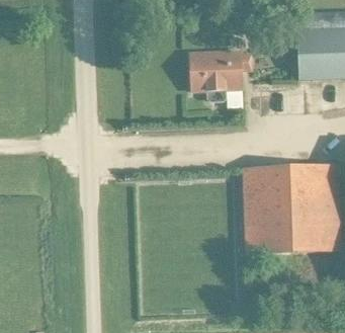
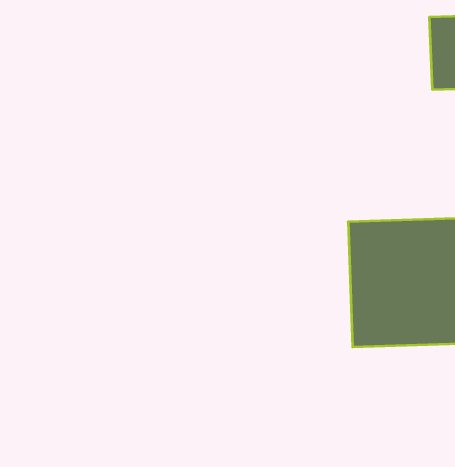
building: [190,50,242,99] -> none

